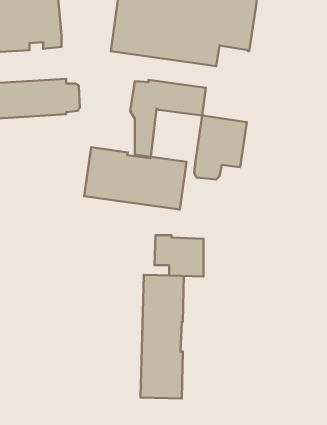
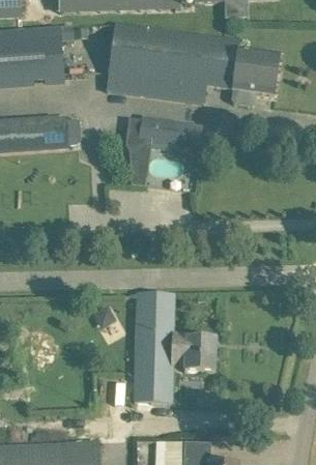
building: [194,115,247,180] -> [231,48,279,106]
building: [84,147,186,210] -> none
building: [154,235,204,277] -> [170,333,214,371]

